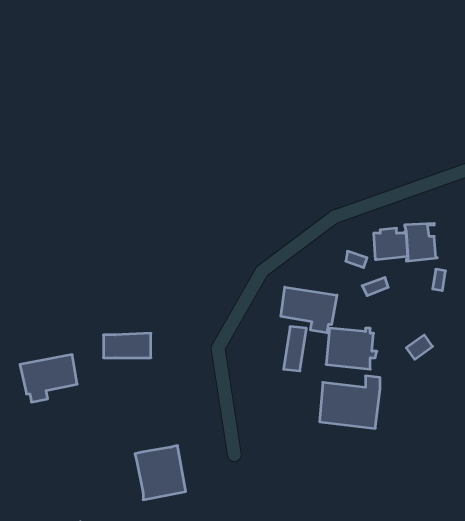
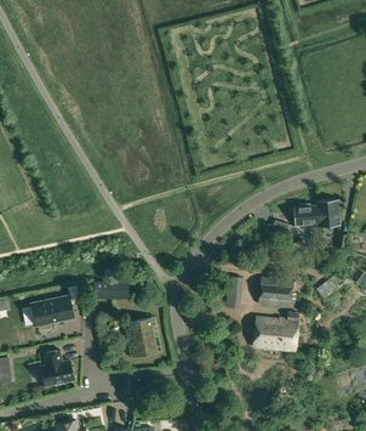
building: [281,287,337,333] -> none
building: none -> [40,350,74,386]
building: [135,446,186,500] -> [124,317,161,357]

